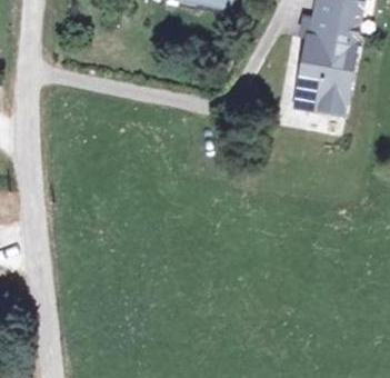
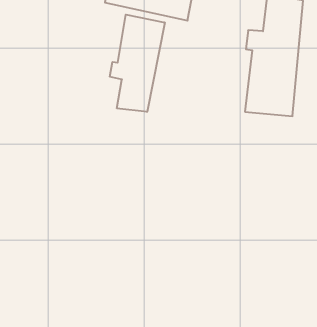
building: none -> [110,15,165,112]

